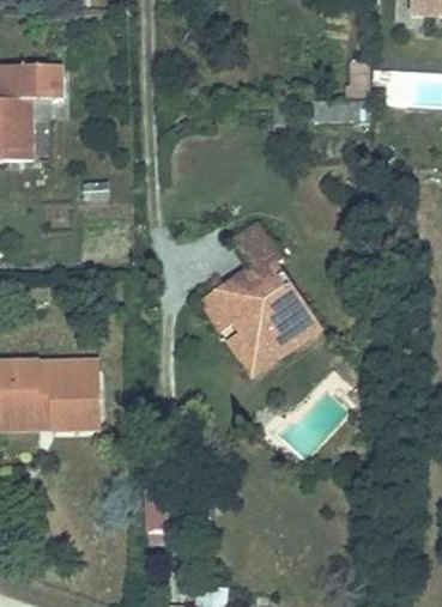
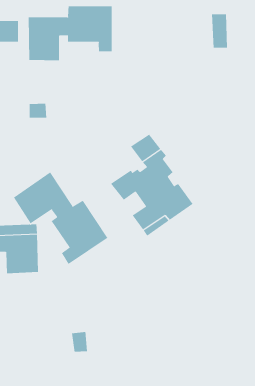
building: none -> [28,5,112,61]
building: none -> [13,172,108,265]

